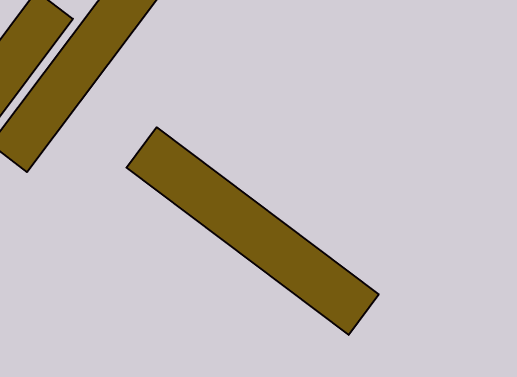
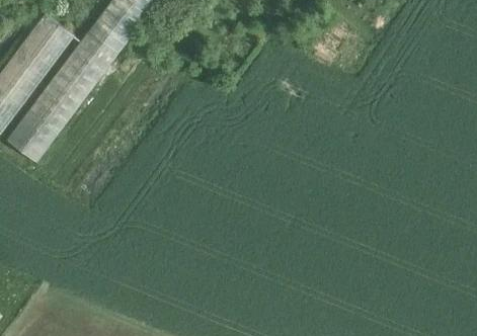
building: [126,127,379,335] -> none

